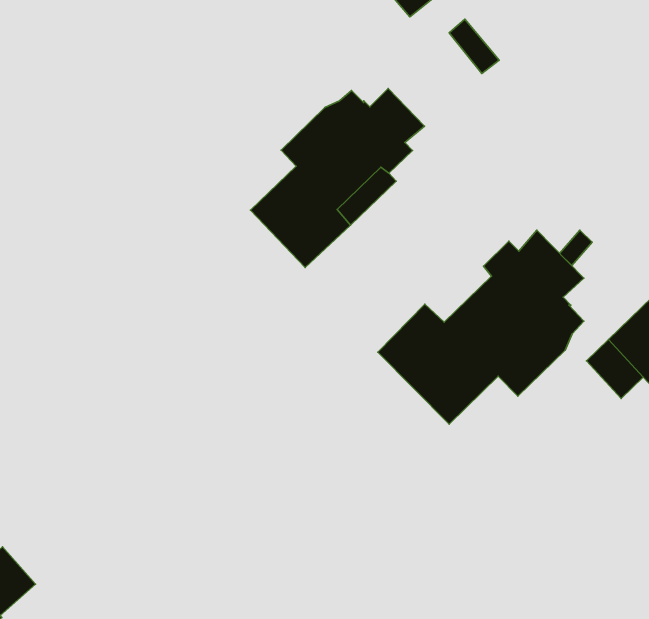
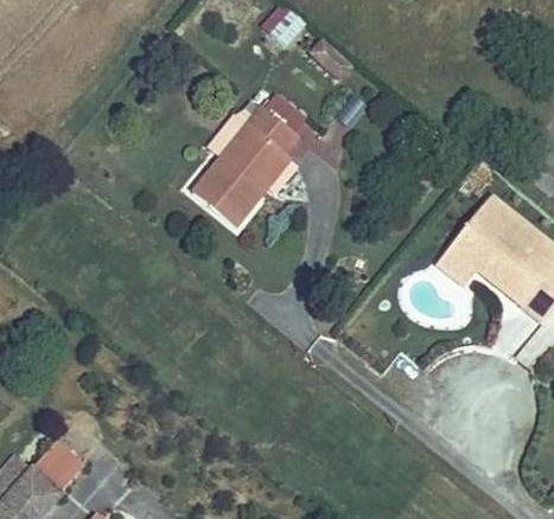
building: [378,230,584,424] -> none

